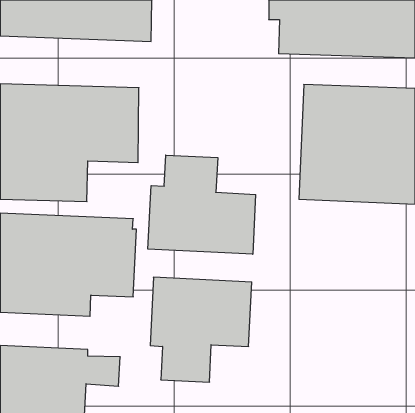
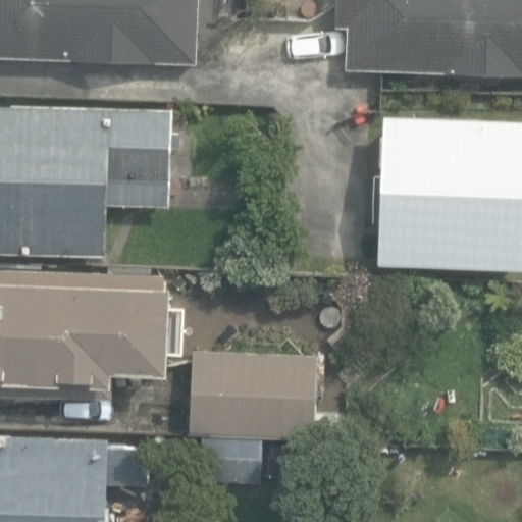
building: [148,155,256,254] -> none

